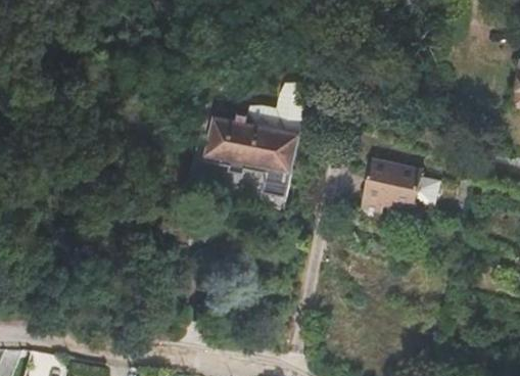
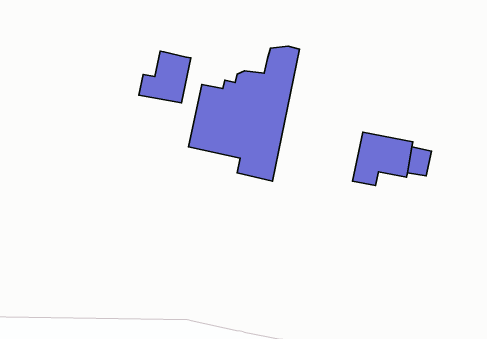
building: none -> [139,51,191,103]

